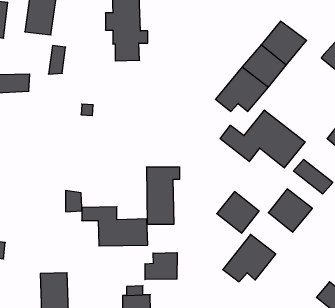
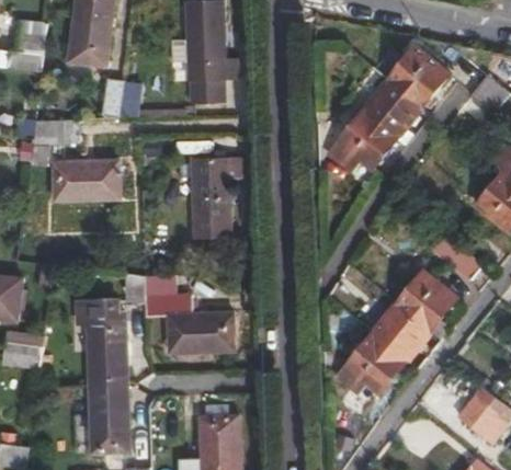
building: none -> [54,162,120,199]
building: [220,110,305,168] -> none
building: [146,167,180,224] -> [194,160,239,237]
building: [217,192,259,233] -> [373,305,430,360]
building: none -> [79,299,126,387]
building: [145,253,177,280] -> none

